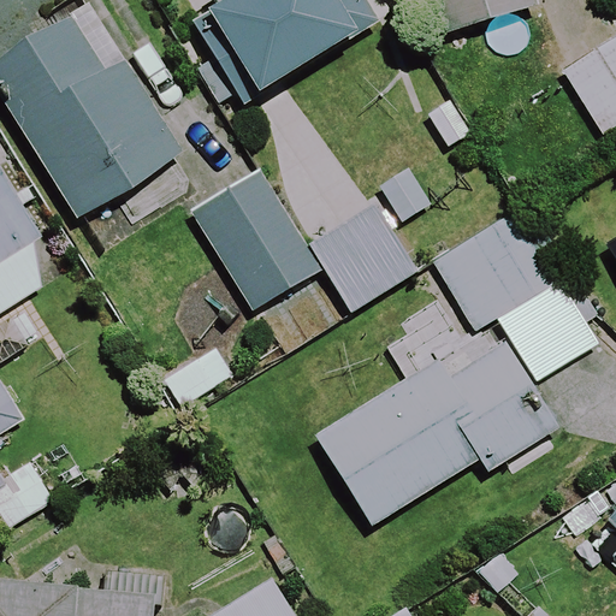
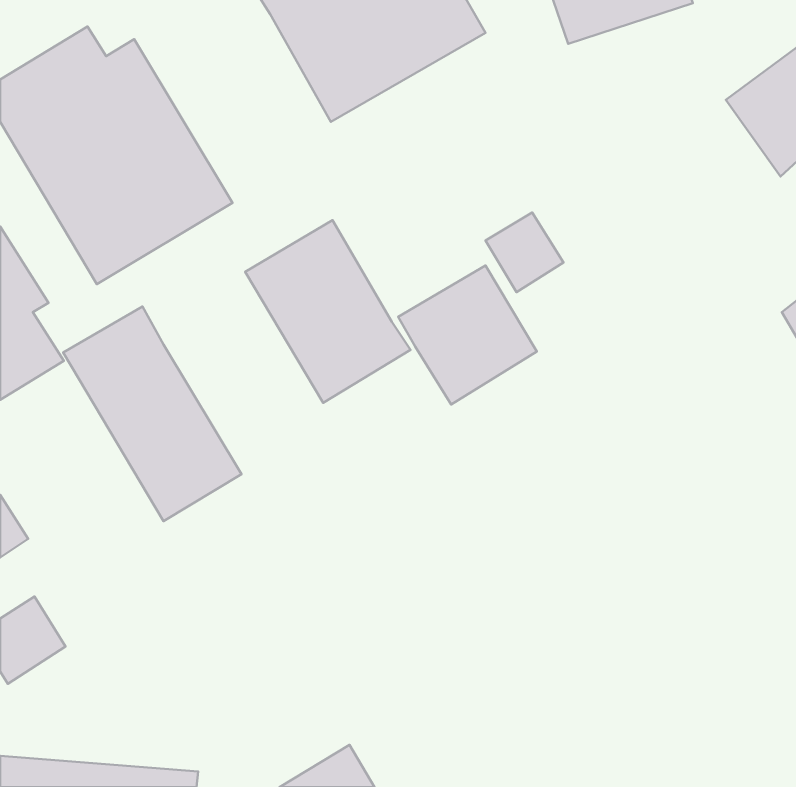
building: [432,205,592,344] -> none
building: none -> [63,306,241,521]
building: [316,339,555,523] -> none

